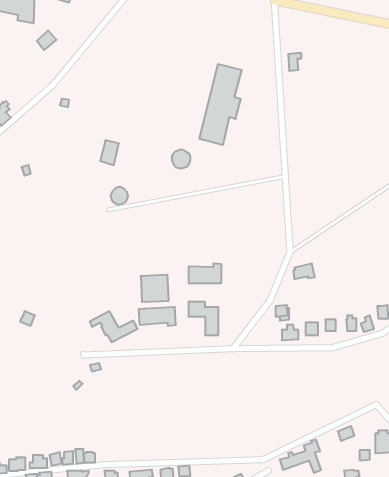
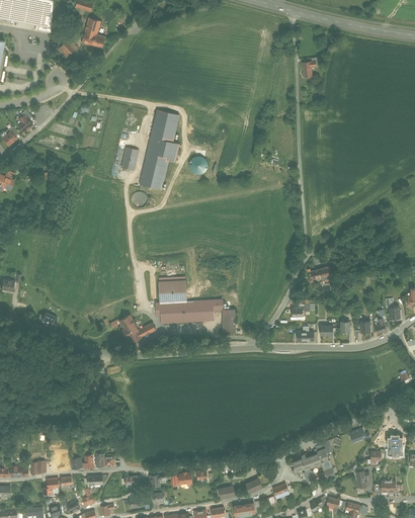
building: none -> [79,19,103,51]
building: [199,64,242,145] -> [138,112,179,191]
building: [189,263,221,283] -> none

